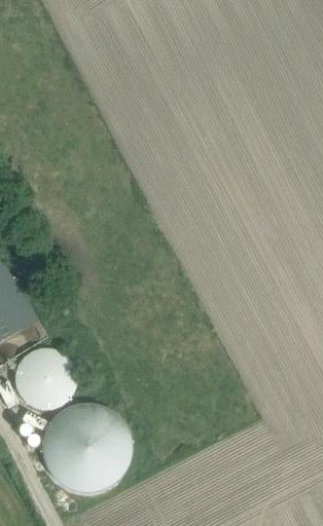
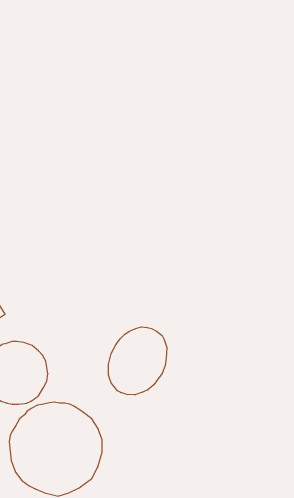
building: none -> [108,327,167,395]

